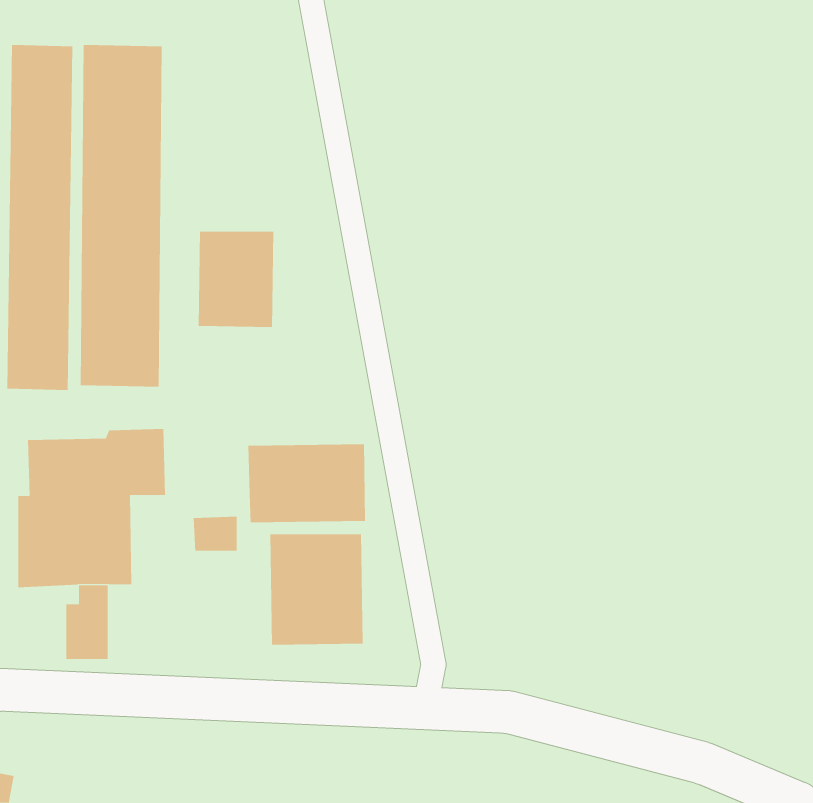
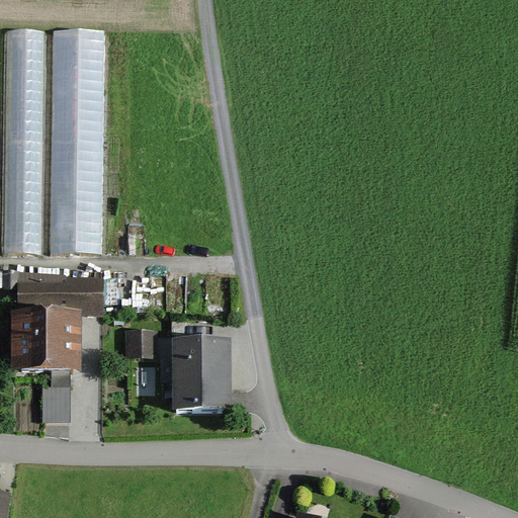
building: [198,231,274,328] -> none
building: [248,443,365,523] -> none

